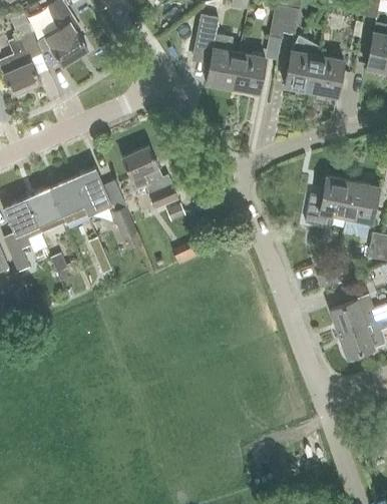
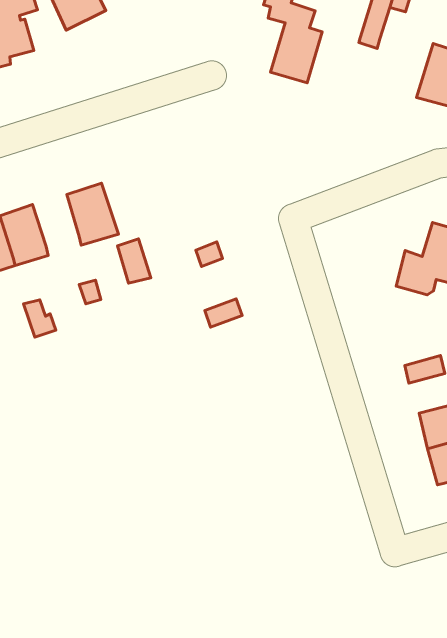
building: [284,37,318,92] -> none
building: [233,53,267,94] -> none
building: [122,148,178,210] -> none
building: [51,181,87,225] -> none

